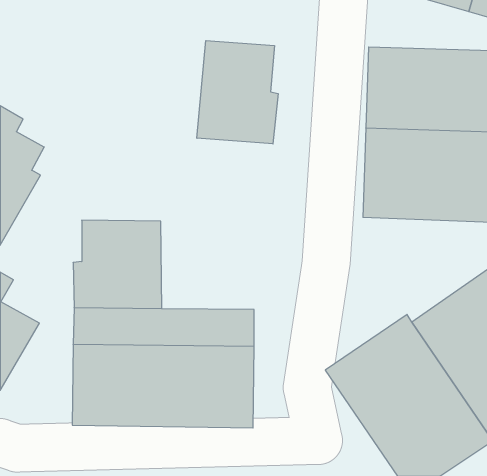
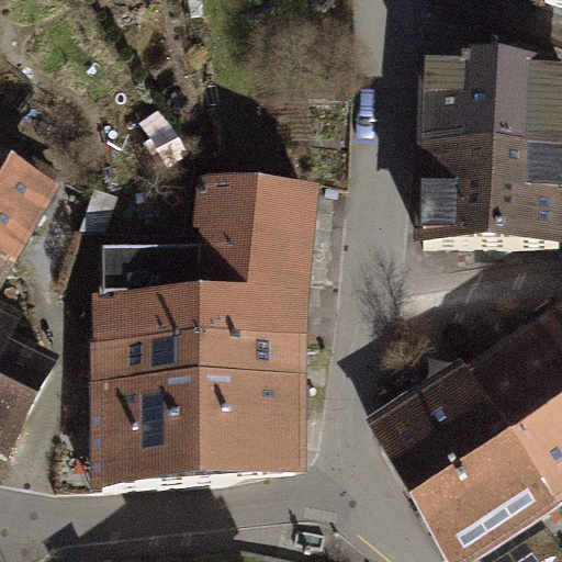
building: [197,41,278,144] -> none
building: none -> [189,184,313,353]

